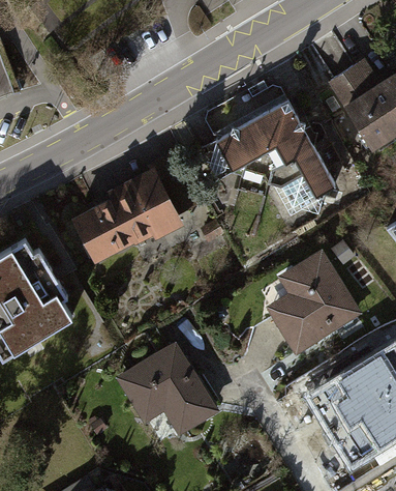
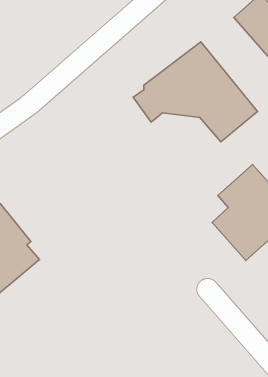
building: [73,170,181,263] -> none
building: [116,340,220,436] -> none

